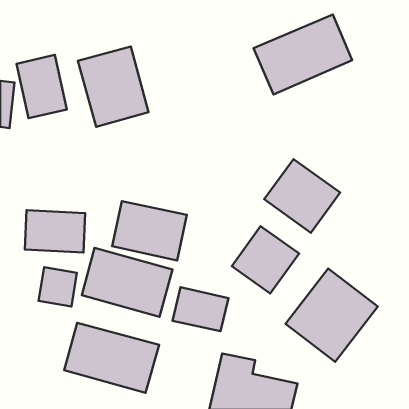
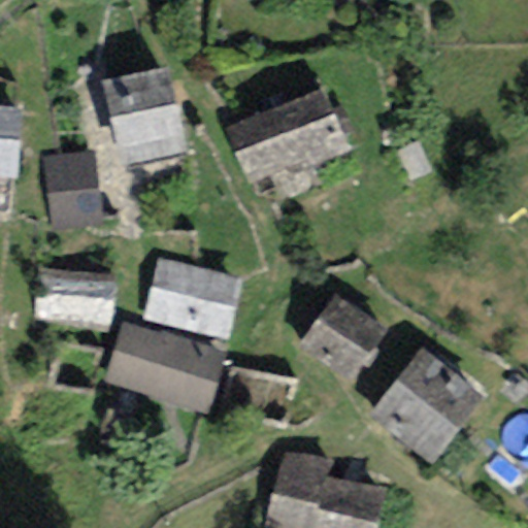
building: [254,14,352,95] -> [223,85,350,188]
building: [16,55,67,118] -> [41,150,106,231]
building: [264,159,340,233] -> none
building: [64,323,159,393] -> none

